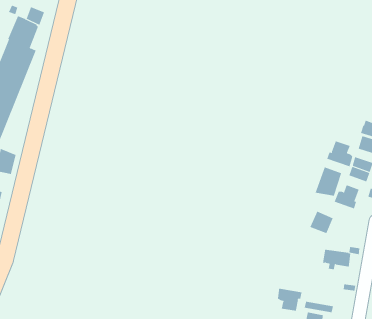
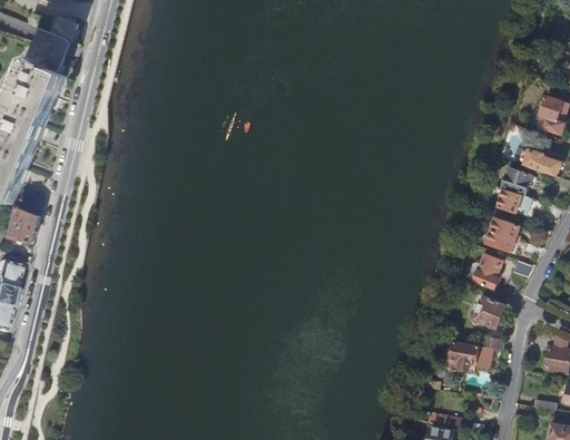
building: [326,140,353,167] -> none
building: [315,166,342,196] -> none
building: [309,211,333,234] -> [471,295,503,326]
building: [277,288,302,311] -> none

